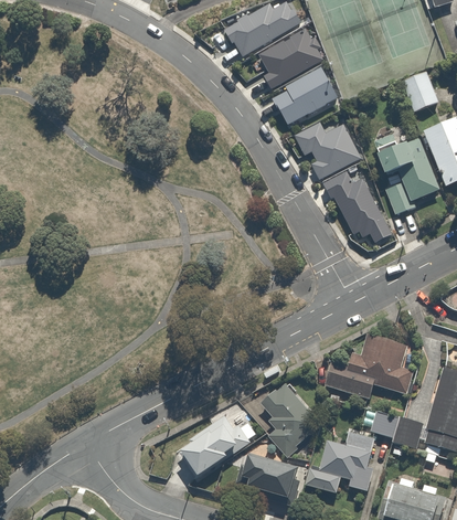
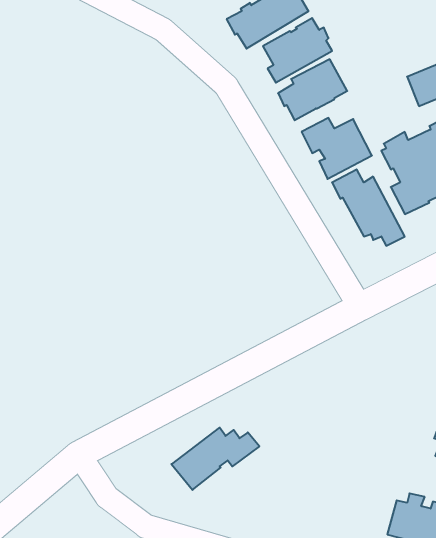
building: [321,331,411,396] -> none
building: [262,383,322,452] -> none
building: [369,411,418,447] -> none
building: [308,433,373,492] -> none
building: [236,452,299,506] -> none

